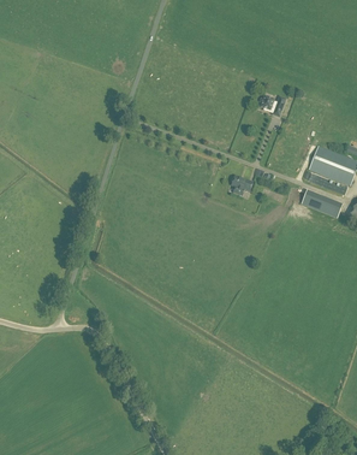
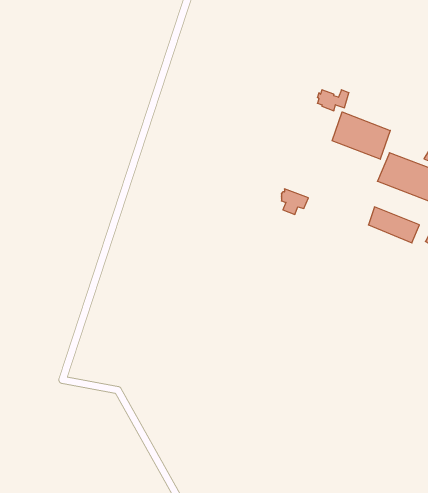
building: none -> [332,112,390,159]

